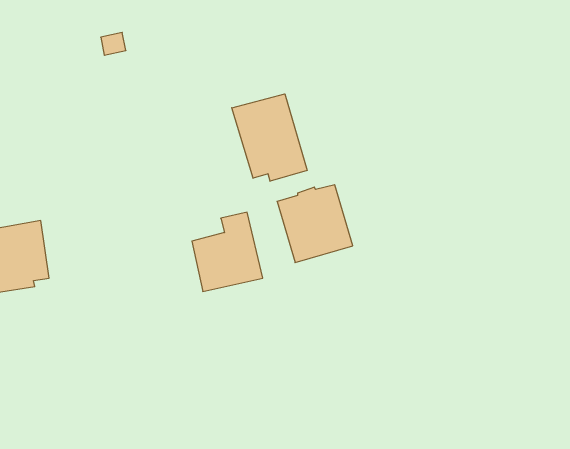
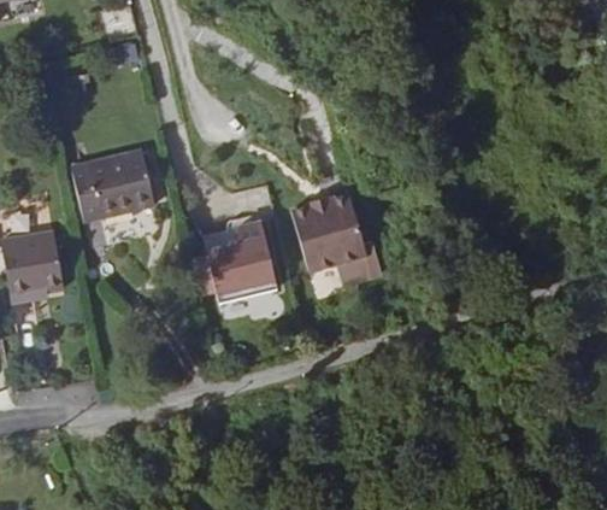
building: [232,94,307,181] -> none
building: none -> [70,150,154,222]

